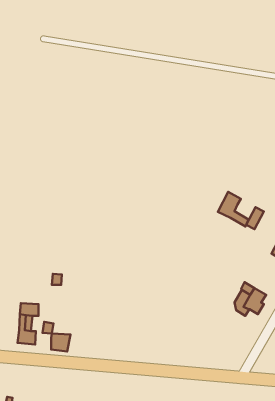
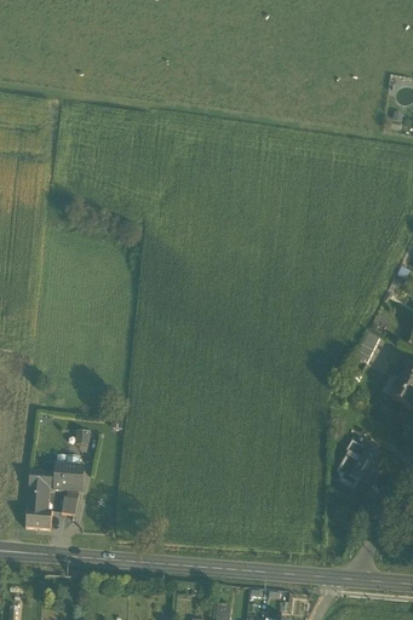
building: [218,192,249,226] -> none
building: [51,334,70,351] -> [56,464,84,489]

